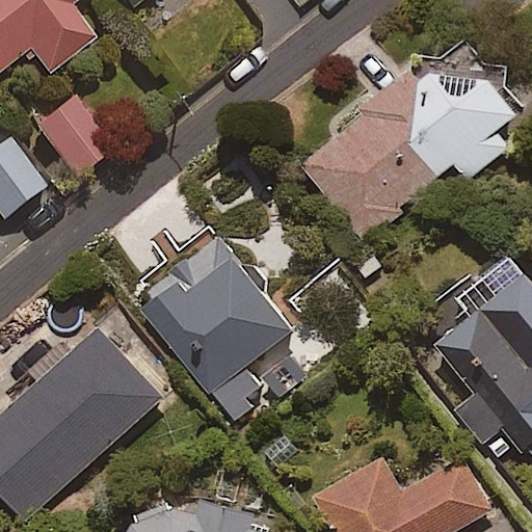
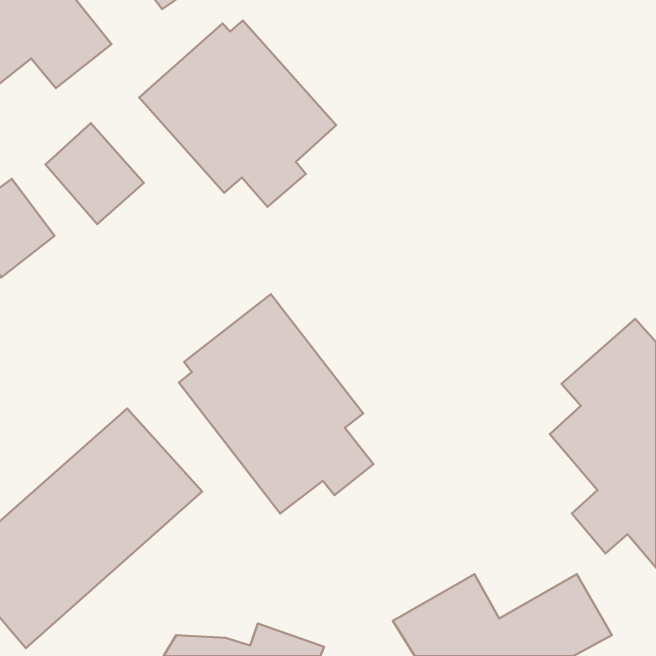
building: none -> [139,21,336,207]
building: [303,44,518,242] -> none

